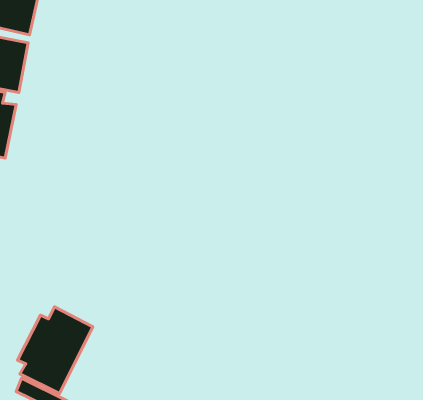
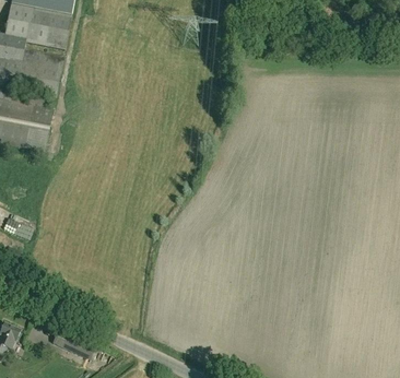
building: [18,307,93,393] -> none

